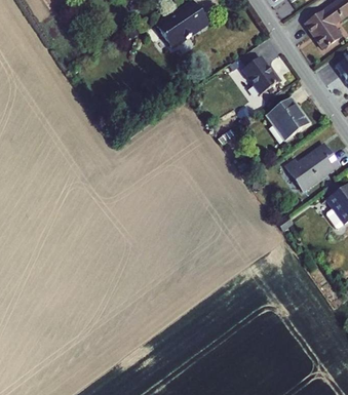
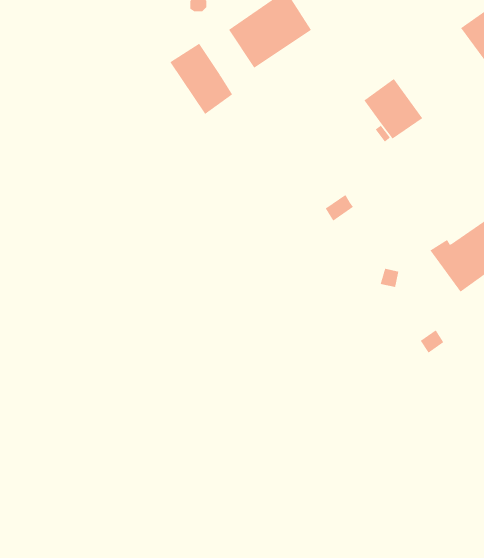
building: none -> [170,43,233,115]
building: [266,95,309,140] -> none

